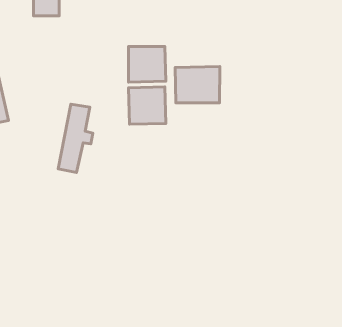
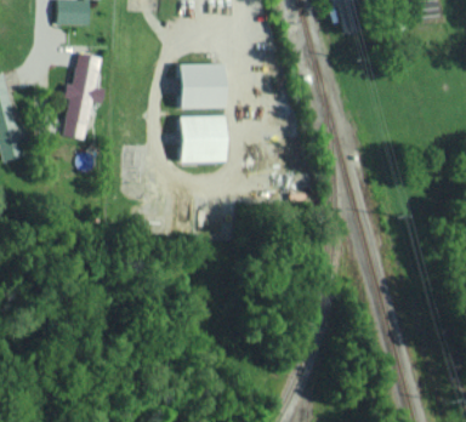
building: [175,66,220,103] -> none
building: [58,104,93,173] -> [62,53,106,139]

